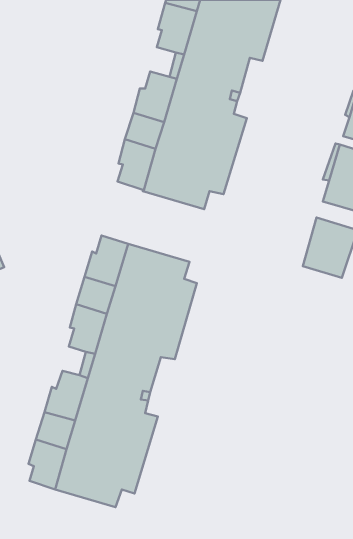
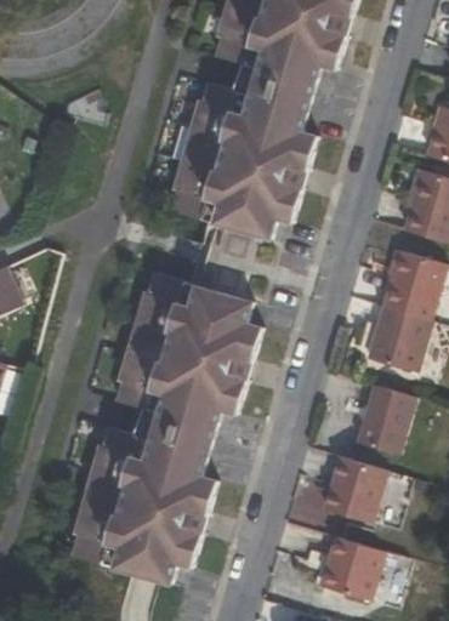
building: none -> [365,307,430,375]
building: none -> [356,384,416,456]
building: none -> [323,456,385,522]
building: none -> [318,536,385,602]

